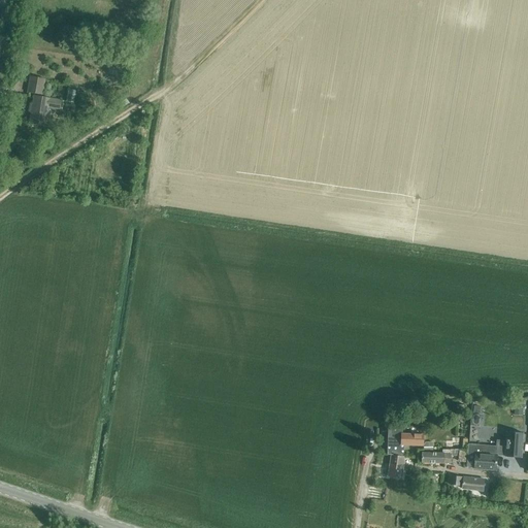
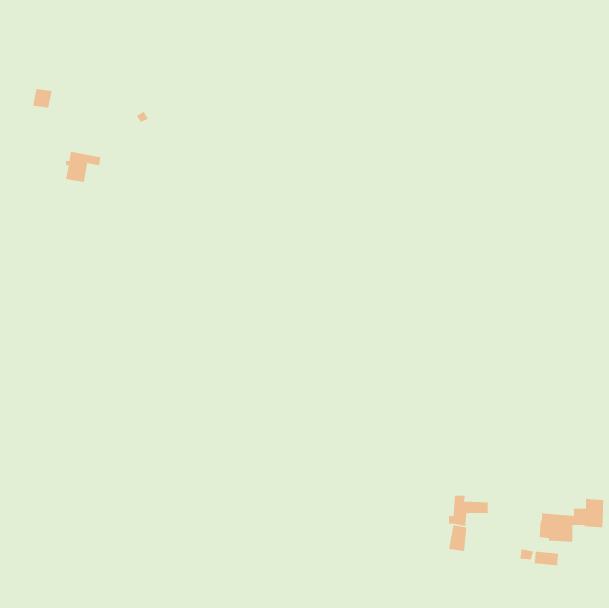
building: [30,95,61,123] -> [65,151,101,183]
building: [422,441,466,463] -> none

